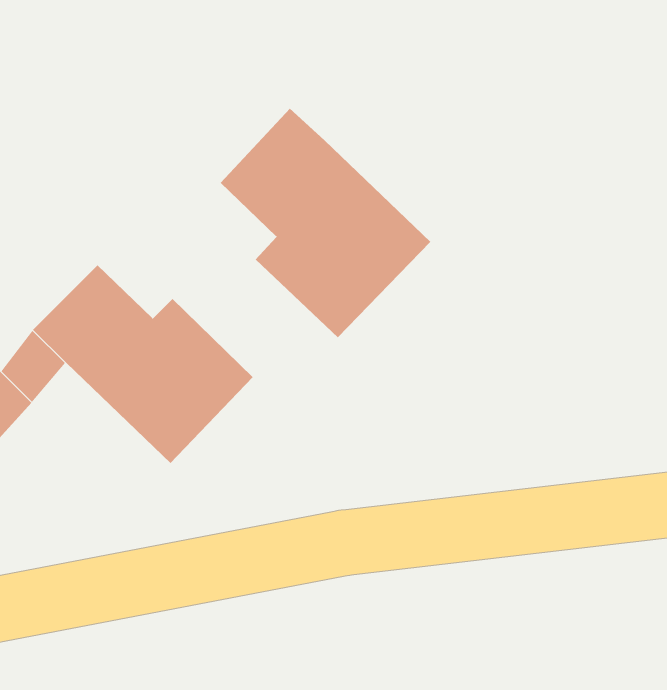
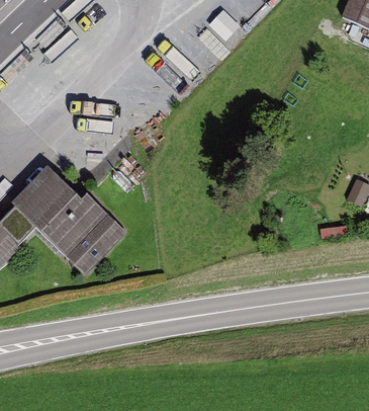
building: [220,108,431,338] -> none

